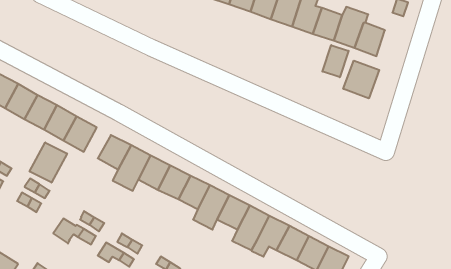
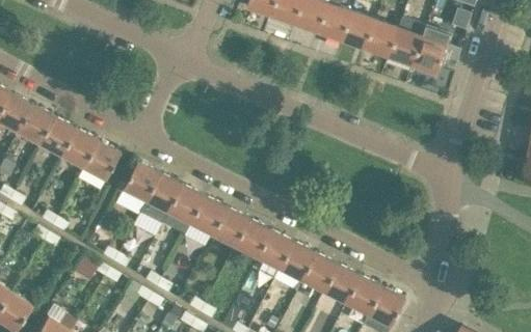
building: [322,45,349,77] -> none
building: [343,61,379,98] -> none
building: [30,142,67,183] -> none

